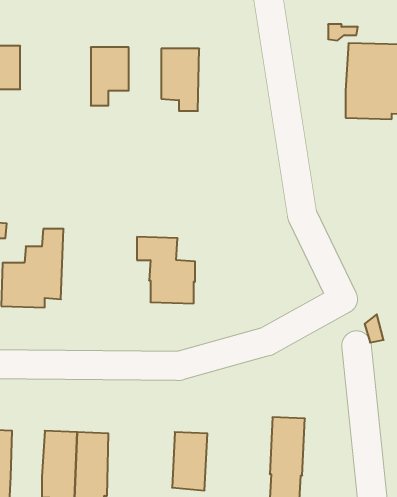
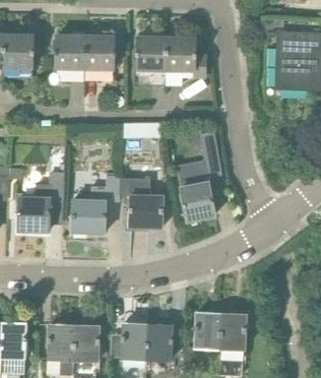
building: none -> [56,35,84,79]
building: none -> [165,37,205,84]
building: none -> [176,131,221,219]
building: none -> [71,174,119,233]
building: none -> [194,312,220,356]
building: none -> [111,322,147,366]

